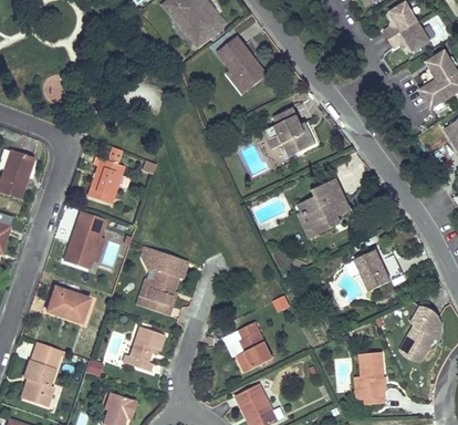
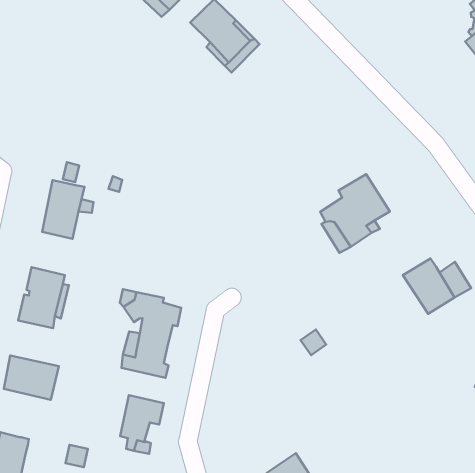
building: [262,106,315,152] -> none
building: [237,321,272,372] -> none
building: [358,352,385,403] -> none

